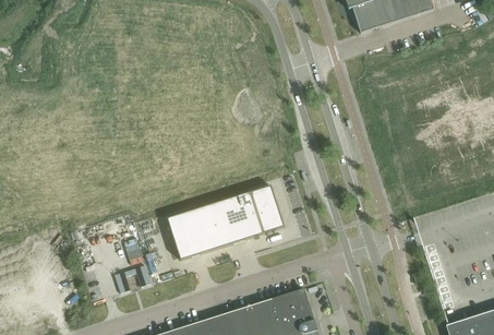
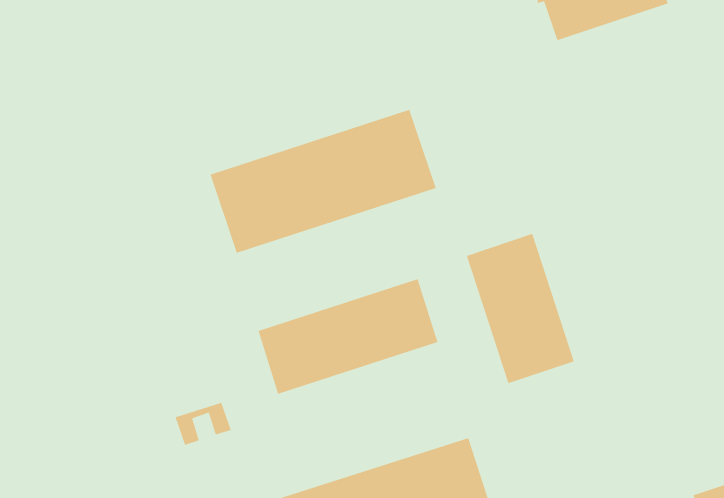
building: none -> [209,109,437,254]
building: none -> [466,233,575,384]

